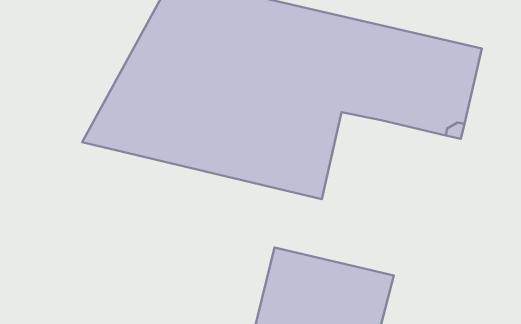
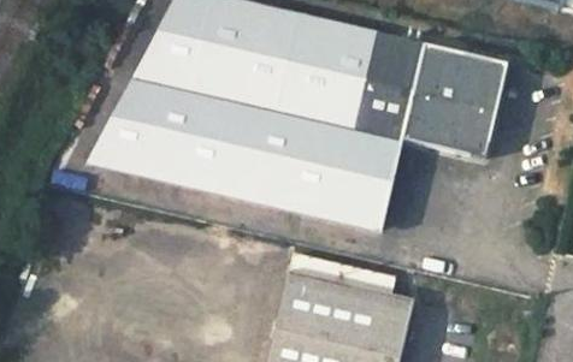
building: none -> [339,129,401,229]

